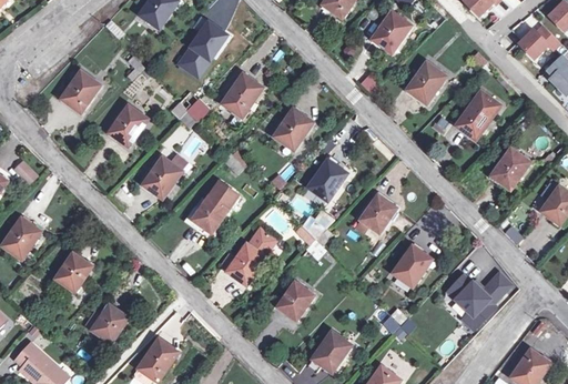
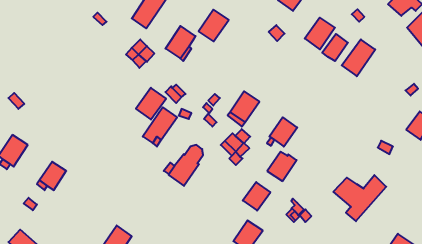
building: [60,71,100,112] -> none
building: none -> [322,34,348,61]
building: [108,104,146,146] -> none
building: [273,108,313,150] -> [199,10,229,41]
building: [490,148,529,190] -> none
building: [142,156,182,199] -> [136,88,166,120]
building: [392,247,430,286] -> [267,152,297,181]
building: [276,282,313,320] -> [243,182,270,211]
building: [91,304,128,343] -> none

